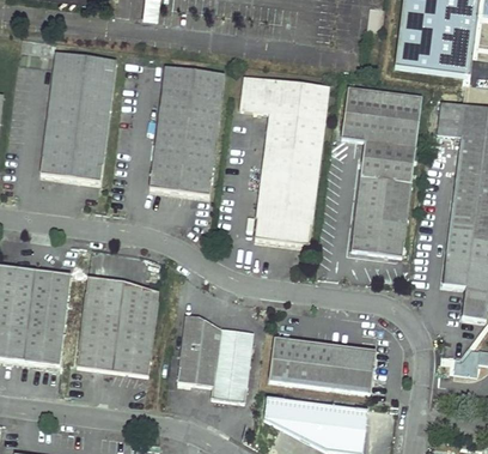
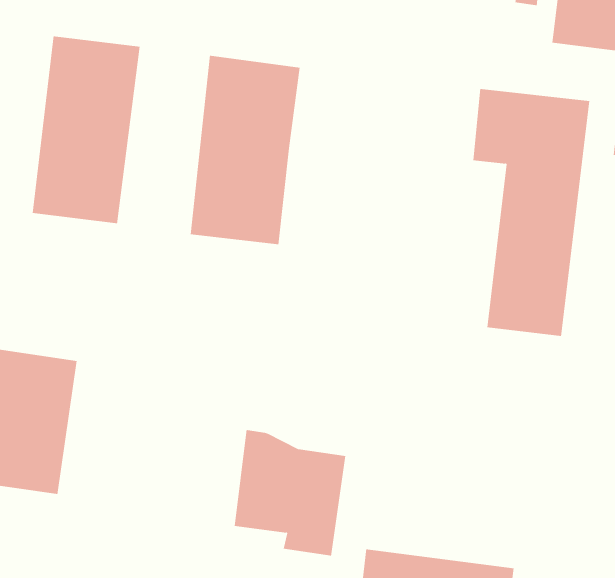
building: [239,75,329,244] -> none
building: [77,278,159,377] -> none
building: [268,339,374,394] -> none

